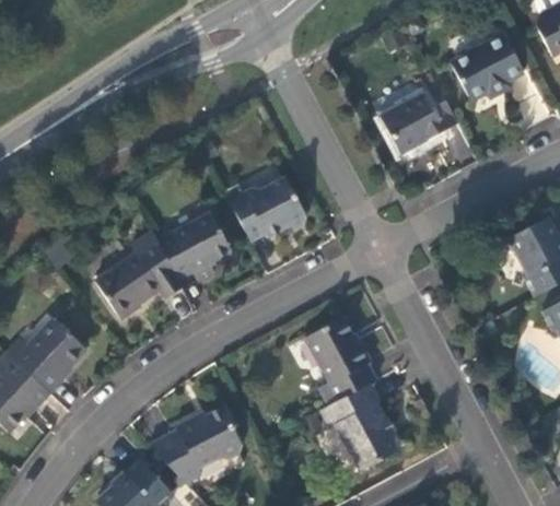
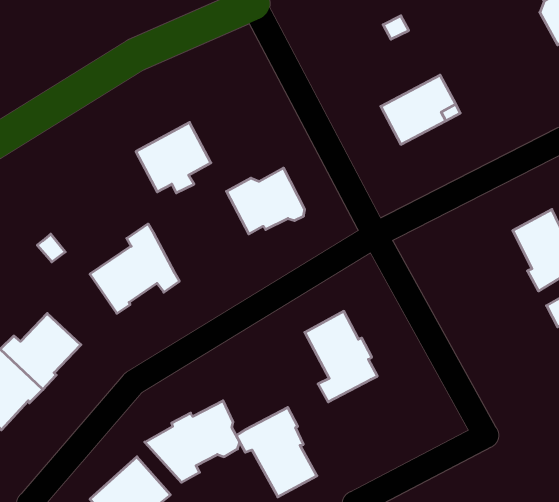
building: [450,35,524,102] -> none
building: [158,212,231,281] -> [136,122,211,193]
building: [319,384,398,471] -> [236,407,317,497]

